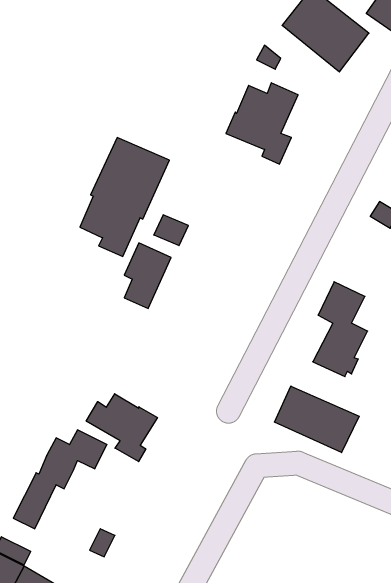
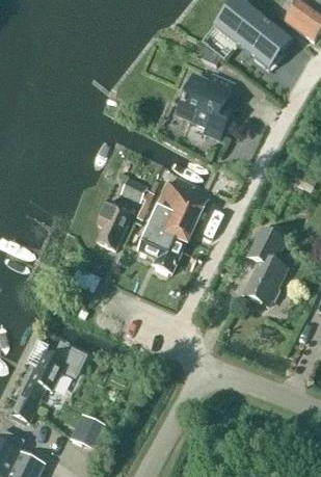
building: [80,138,169,256] -> [138,179,208,271]
building: [274,386,359,453] -> none
building: [86,394,157,462] -> none

